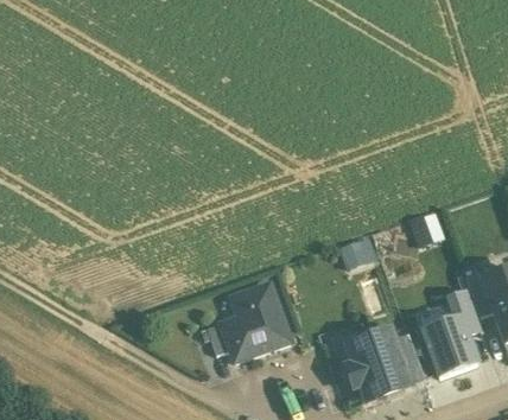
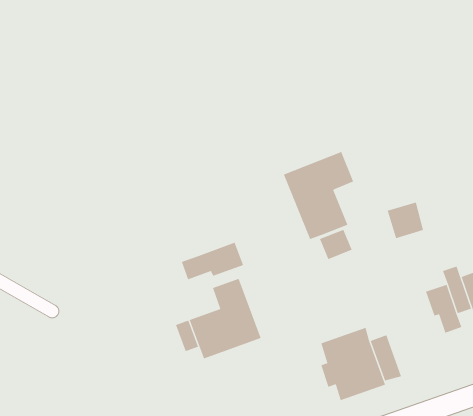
building: none -> [283,151,354,240]
building: none -> [181,242,244,280]
building: [424,317,476,375] -> none

